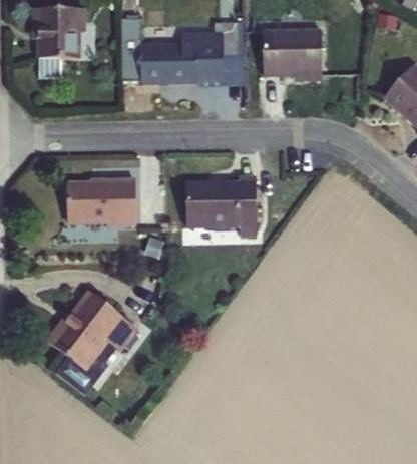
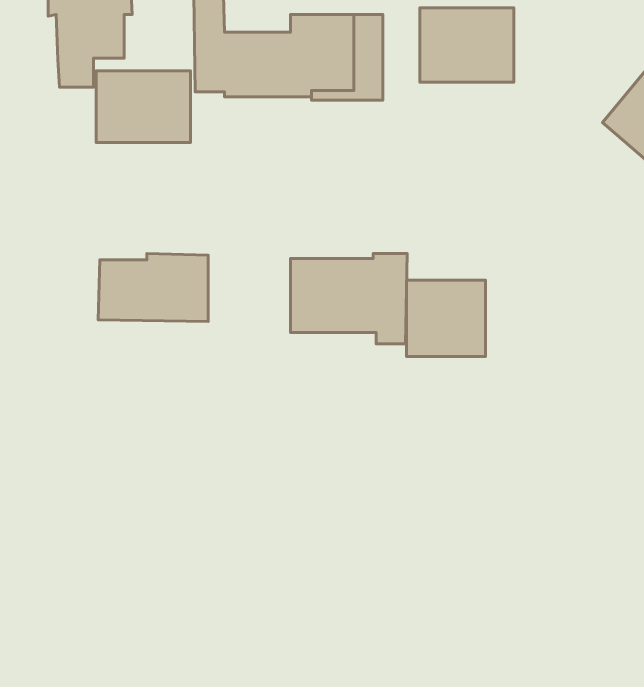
building: none -> [96,71,191,142]
building: none -> [407,280,485,356]
building: [50,288,139,364] -> none

